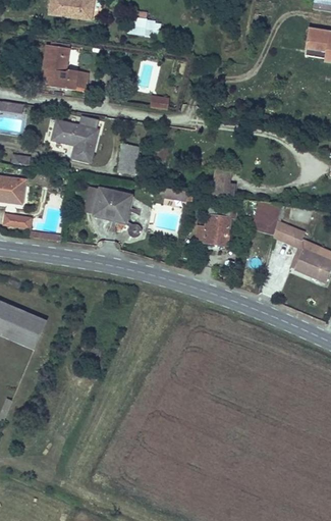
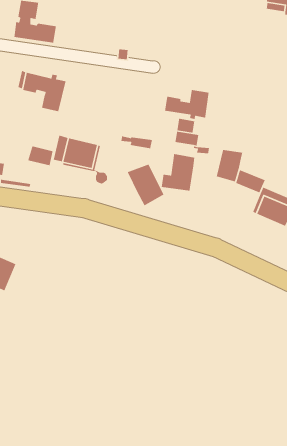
building: none -> [164,89,209,120]
building: [117,144,139,174] -> none
building: none -> [27,146,53,166]
building: none -> [126,164,165,206]

